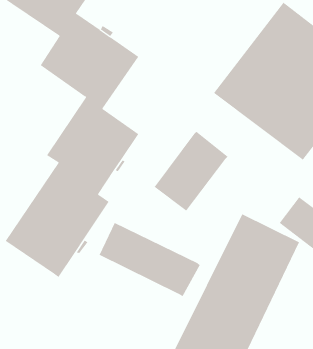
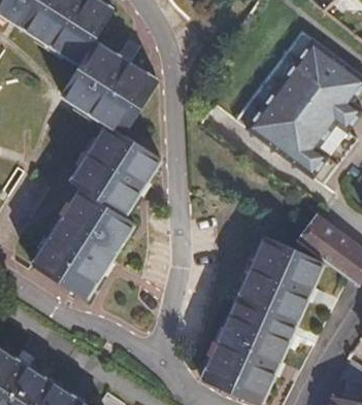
building: [154,131,228,212] -> none
building: [99,222,201,297] -> none

